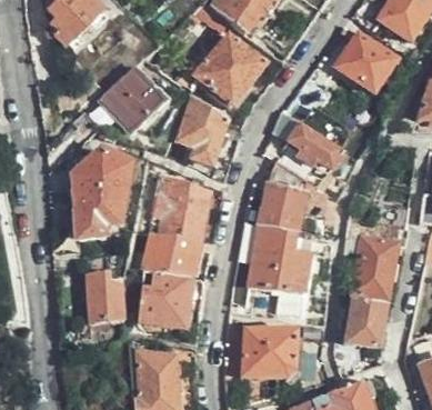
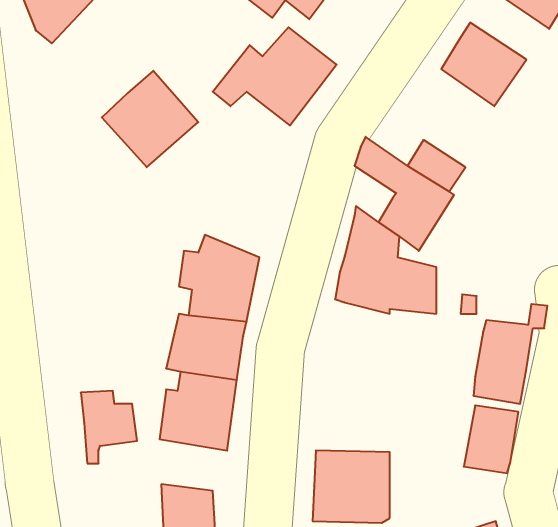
building: [172,92,231,171] -> none
building: [71,151,131,237] -> none
building: [250,224,309,296] -> none

